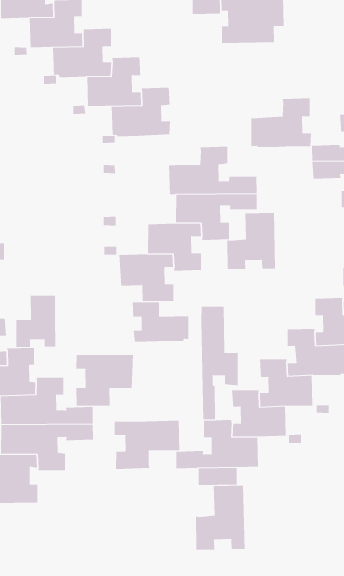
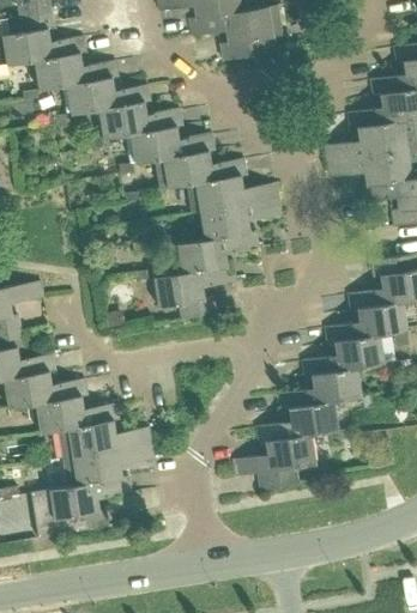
building: [250,98,312,148] -> [157,133,219,188]
building: [227,212,276,270] -> none
building: [16,295,56,348] -> none
building: [132,301,189,343] -> none
building: [201,306,238,420] -> none
building: [76,354,133,407] -> none
building: [114,420,180,470] -> none
building: [195,485,245,550] -> none

